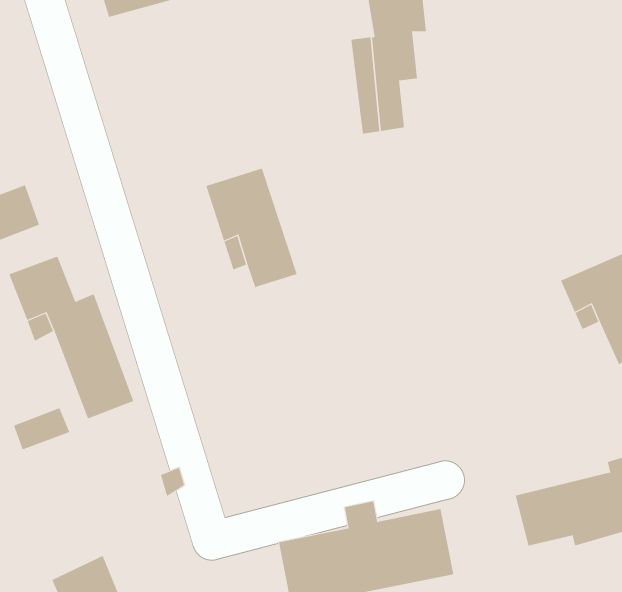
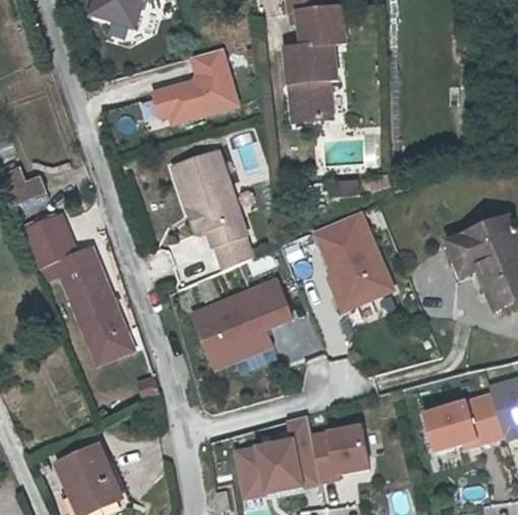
building: none -> [158,50,248,131]
building: none -> [311,214,387,314]
building: none -> [217,234,255,268]
building: none -> [186,281,285,370]
building: [13,407,70,450] -> [84,332,129,366]

